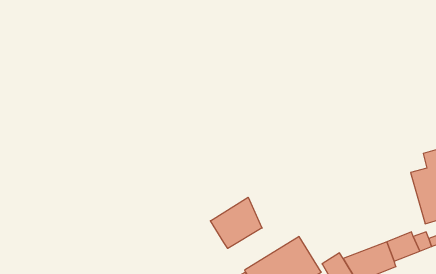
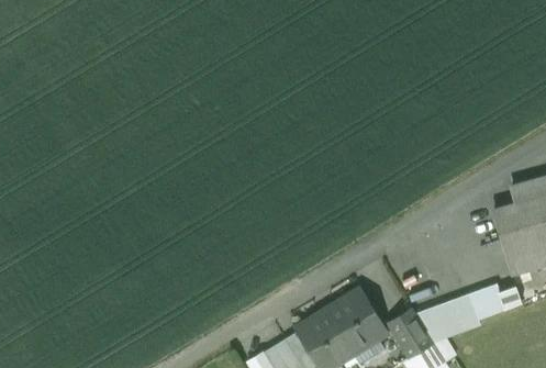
building: [210,197,262,248] -> none

